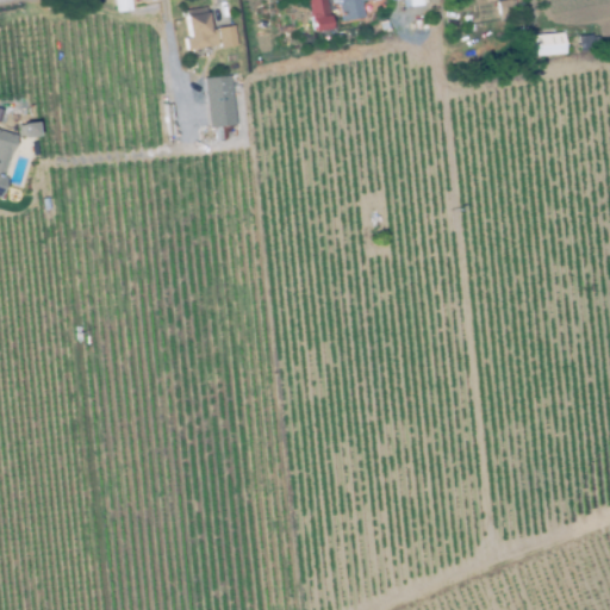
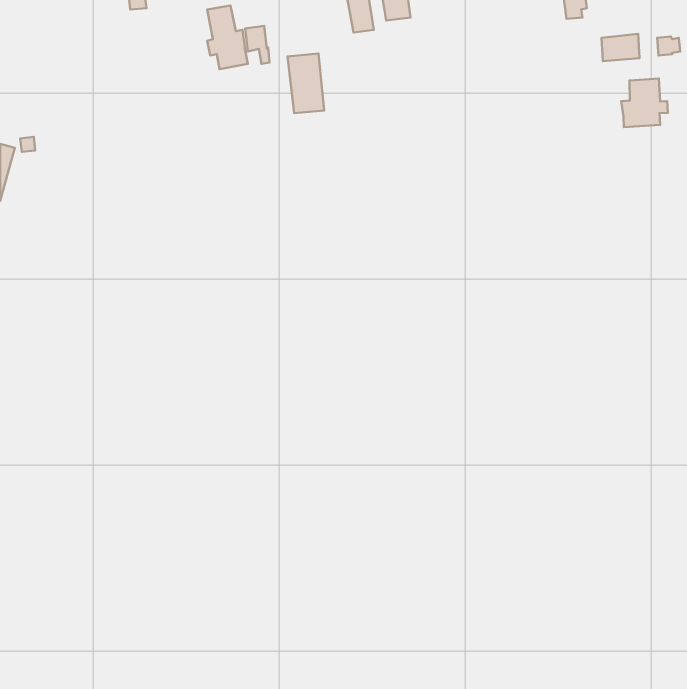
building: none -> [621,78,668,127]
building: [206,74,238,126] -> [287,54,324,113]

